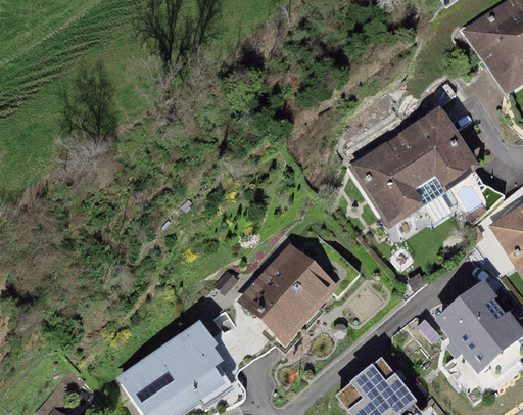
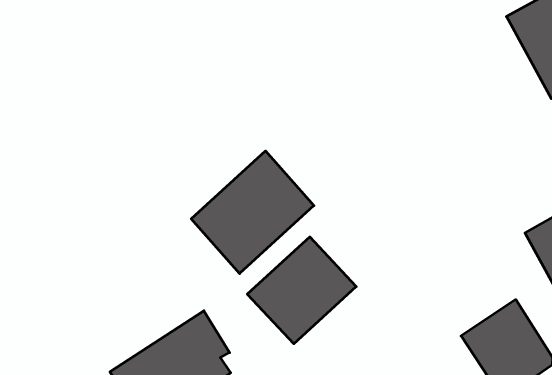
building: [349,110,479,230] -> none
building: none -> [191,151,314,274]

